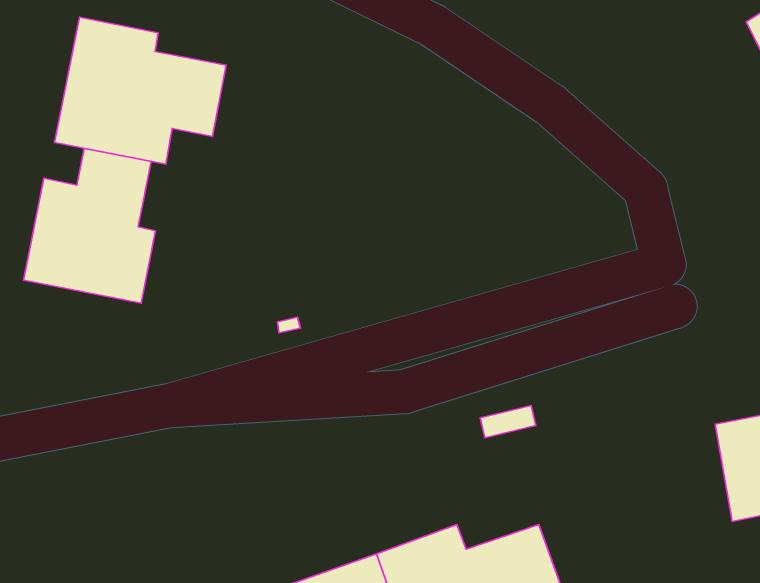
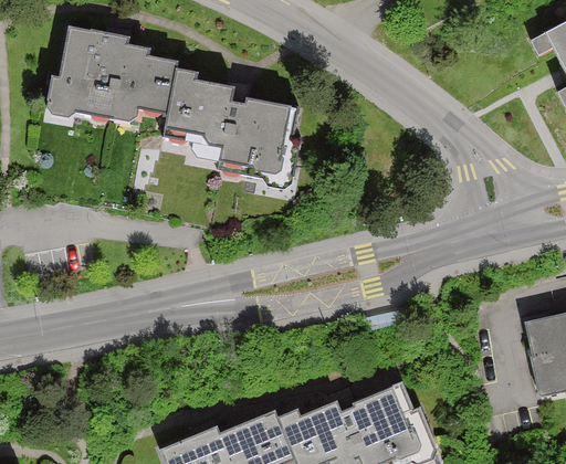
building: none -> [160,60,295,187]
building: [24,148,155,303] -> none

